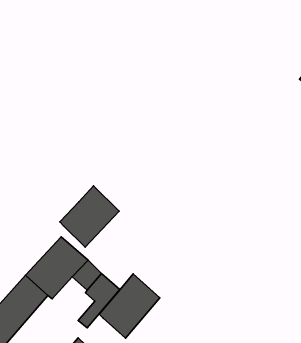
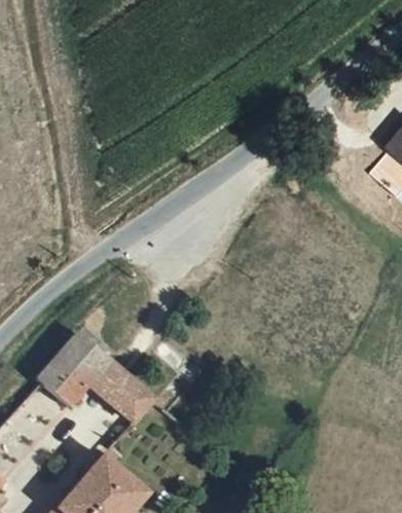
building: [60,186,119,247] -> none
building: [99,274,160,338] -> none

